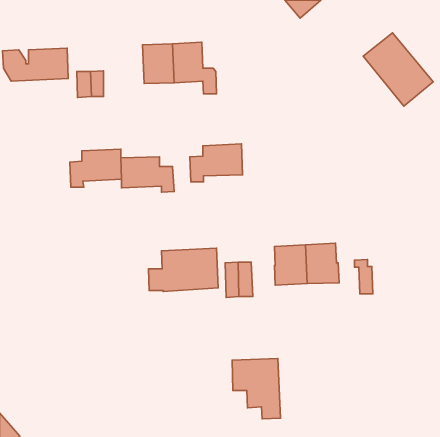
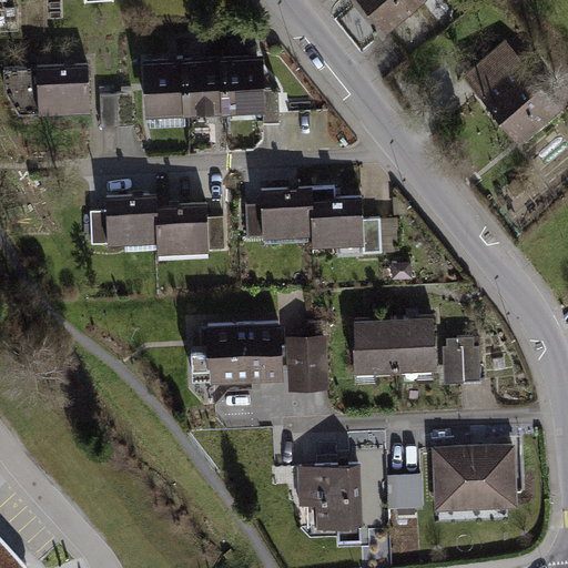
building: none -> [145,62,185,114]
building: none -> [311,190,379,254]
building: none -> [435,448,514,508]
building: none -> [386,477,422,510]

